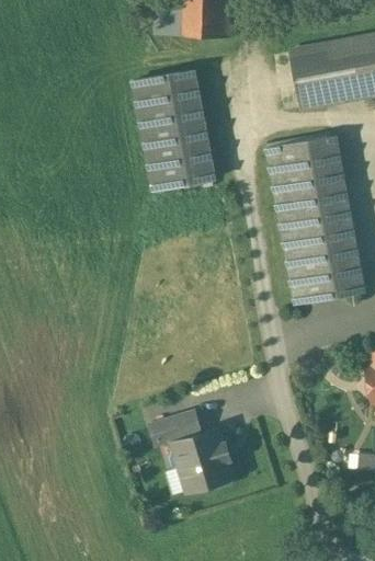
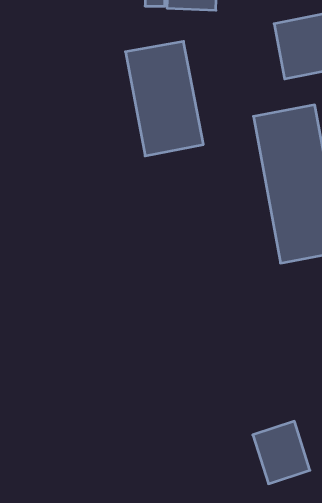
building: [151,411,201,442] -> none
building: [174,428,235,494] -> [253,421,310,484]

